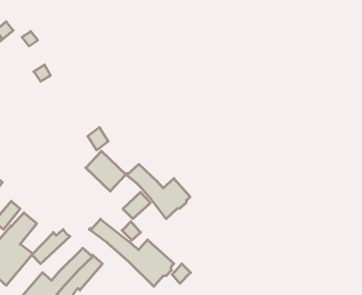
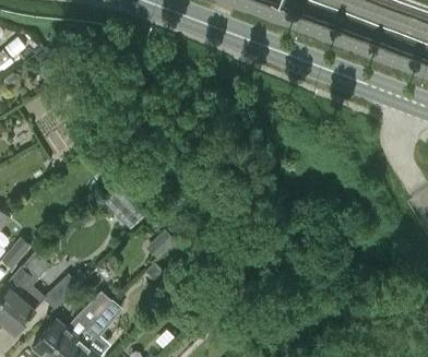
building: [126,164,190,219] -> none
building: [89,219,174,286] -> none

